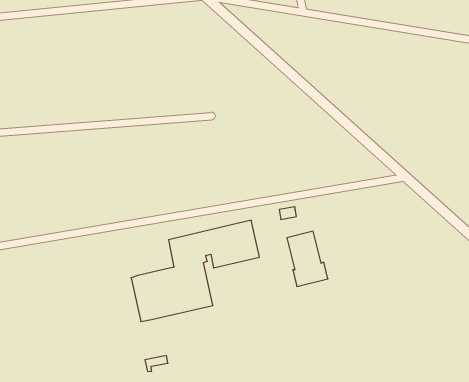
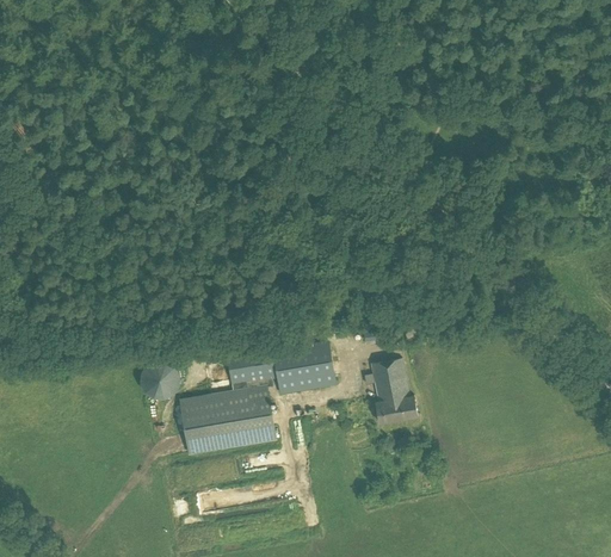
building: none -> [140,359,180,400]

